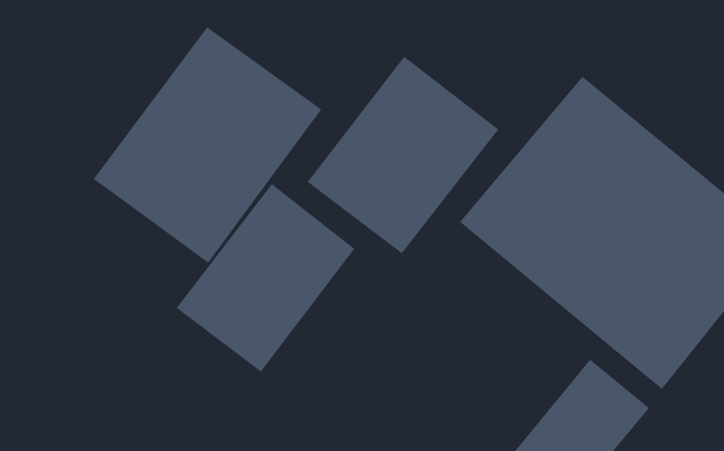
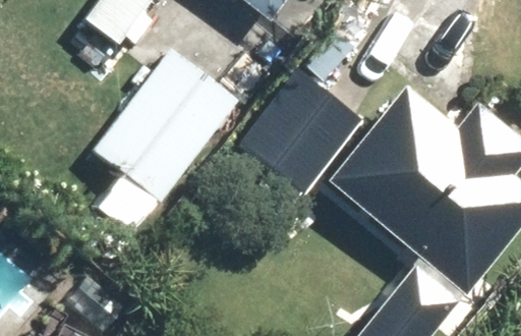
building: [176,183,355,373] -> none

